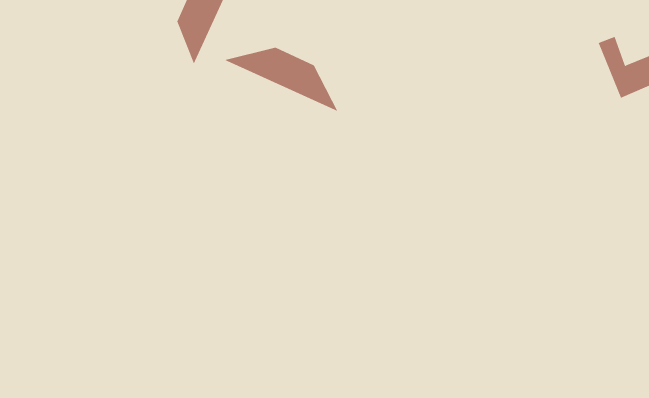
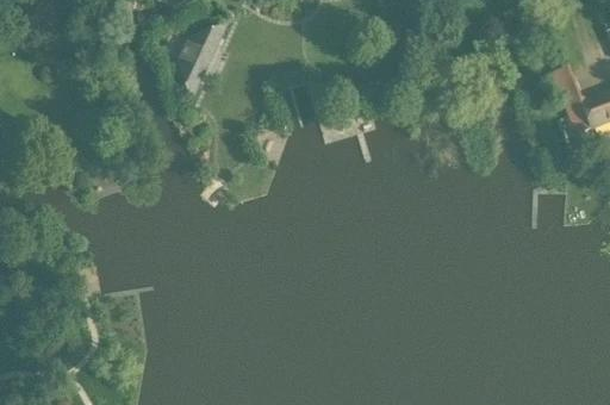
building: [223,47,338,112] -> none

